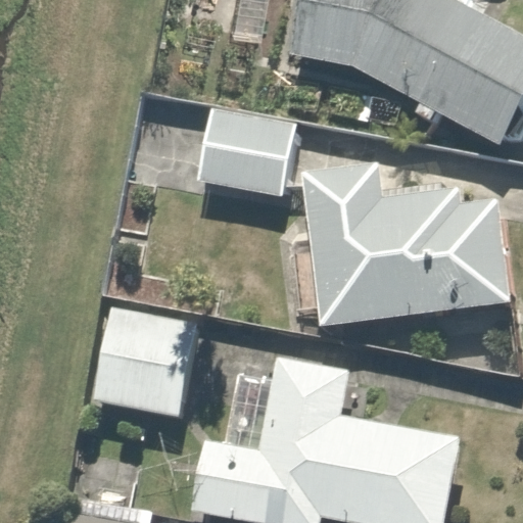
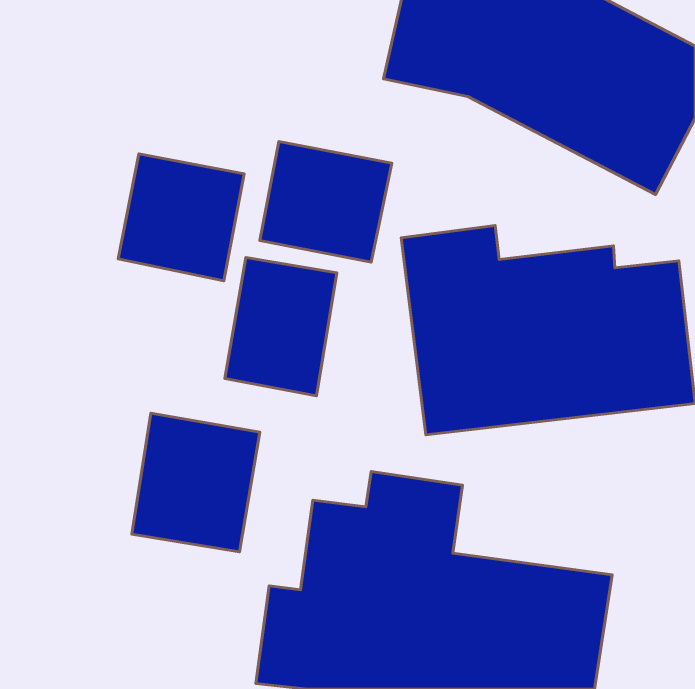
building: none -> [118,154,244,281]
building: none -> [225,257,337,396]

